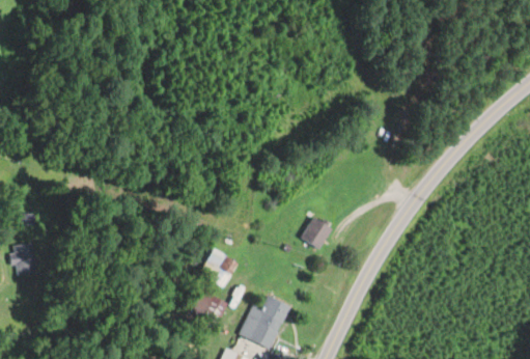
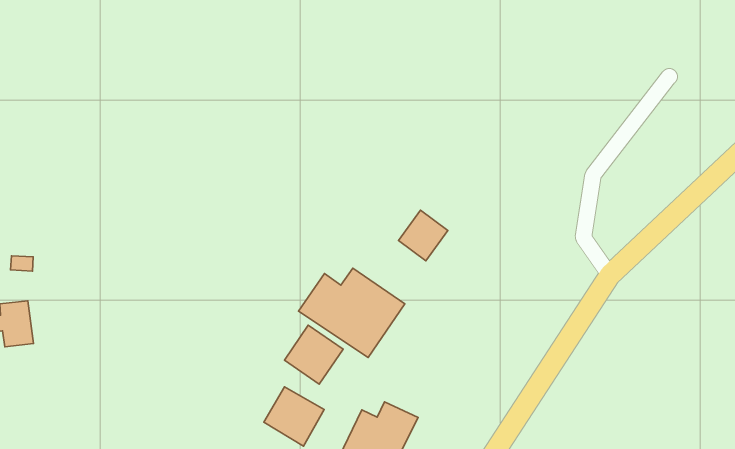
building: none -> [298,268,405,357]
building: [301,216,333,249] -> [399,210,448,261]

